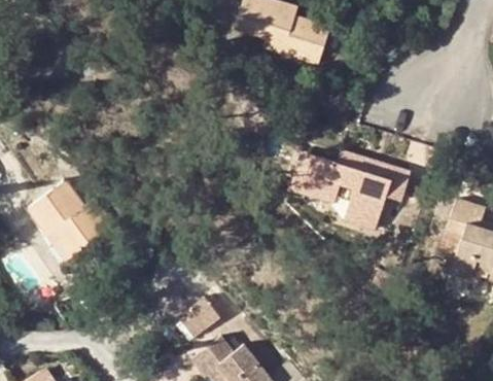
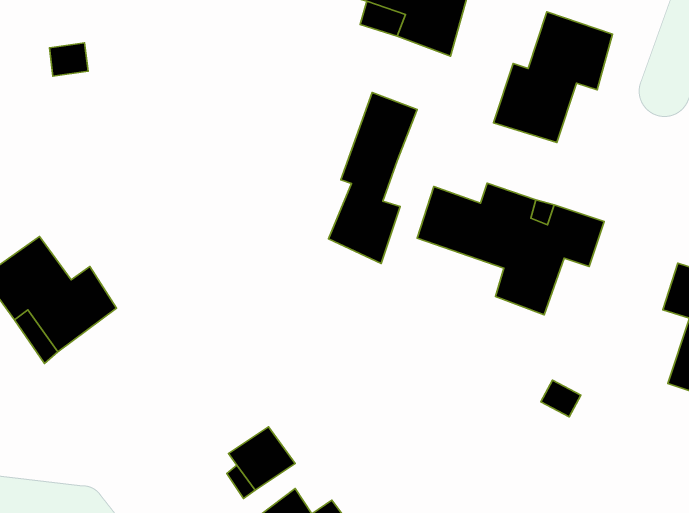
building: none -> [493,12,613,142]
building: none -> [329,93,417,264]

